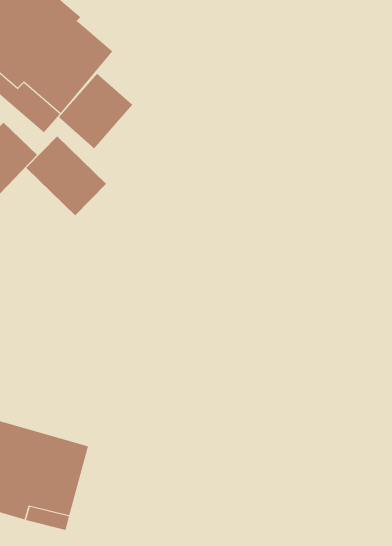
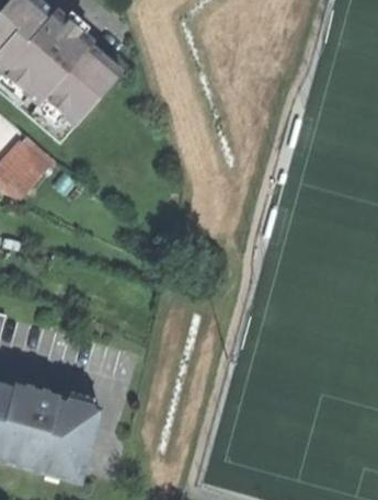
building: [58,73,133,149] -> none
building: [25,135,107,216] -> none

